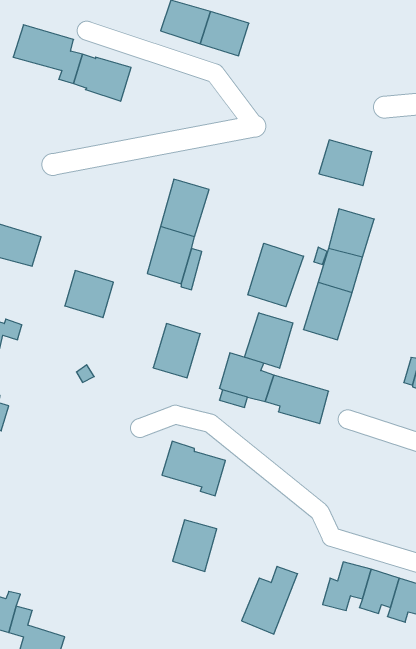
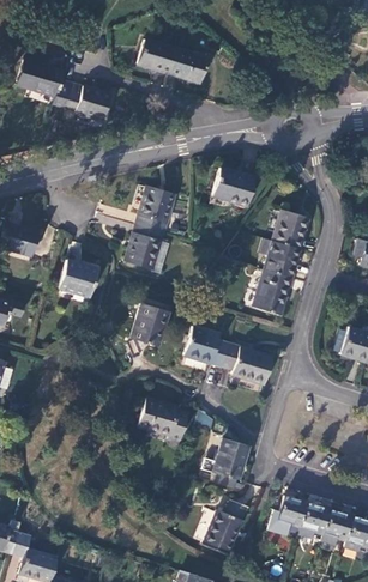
building: [319,140,372,186] -> [211,168,254,205]
building: [248,243,304,307] -> none
building: [245,313,293,368] -> none
building: [173,520,217,571] -> [212,438,248,480]

